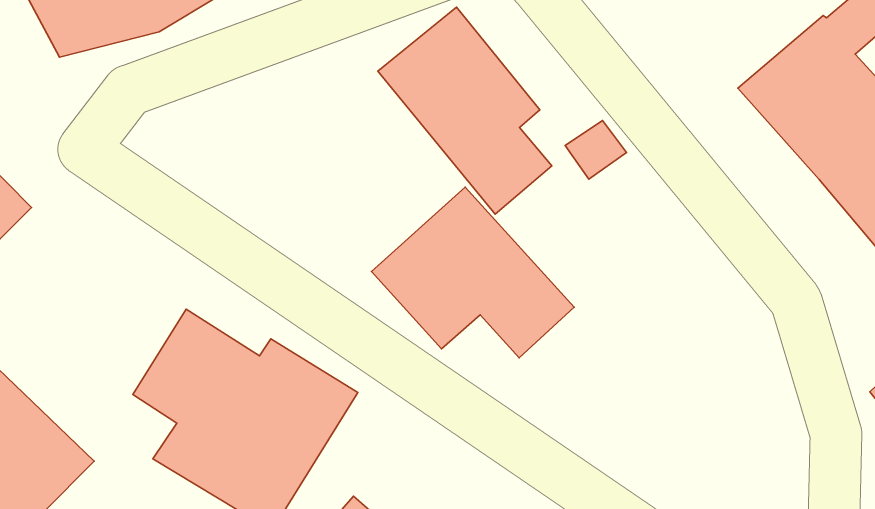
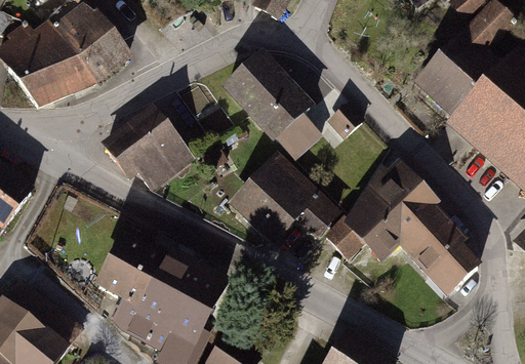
building: none -> [106,107,192,186]
building: none -> [328,166,479,286]

